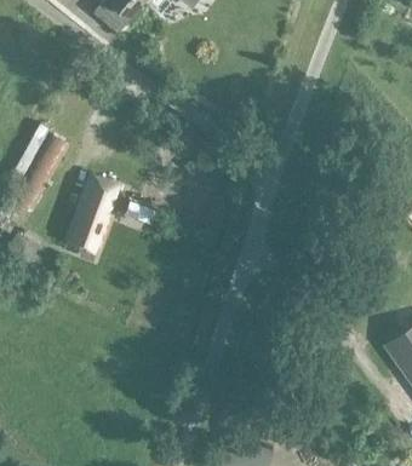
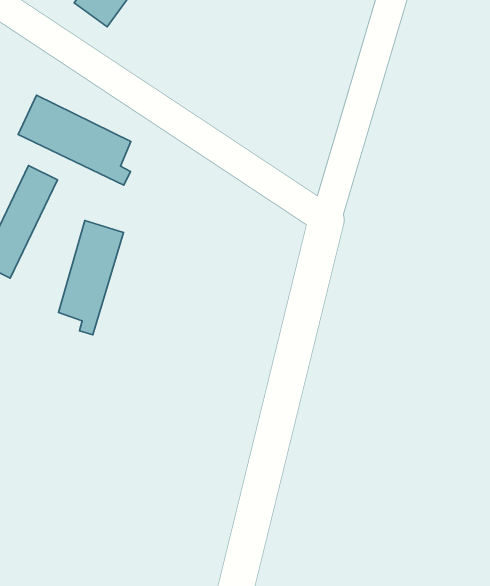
building: none -> [18,95,131,185]

